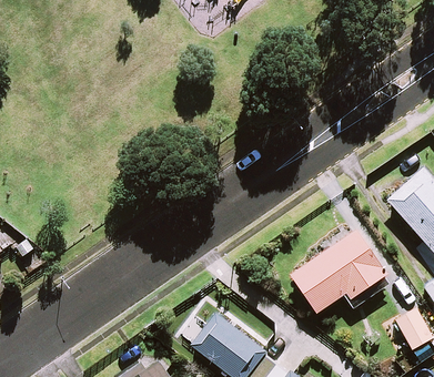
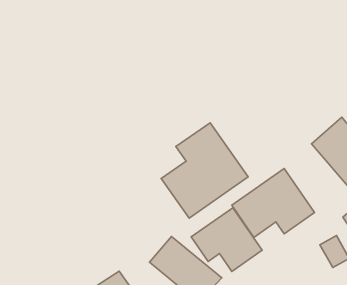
building: none -> [161,123,248,218]
building: none -> [191,208,262,271]

